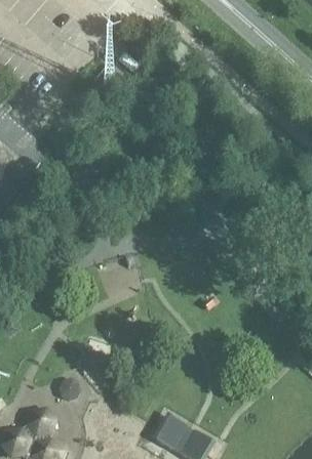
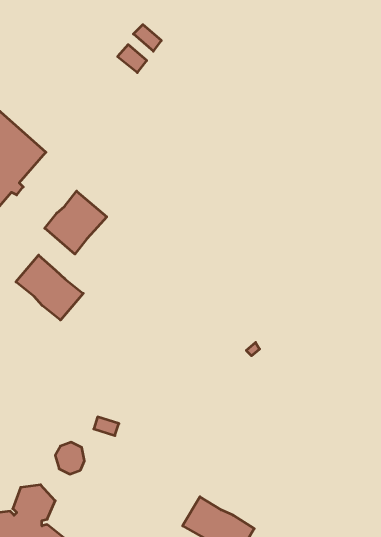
building: none -> [45,191,107,254]
building: none -> [16,255,83,320]

